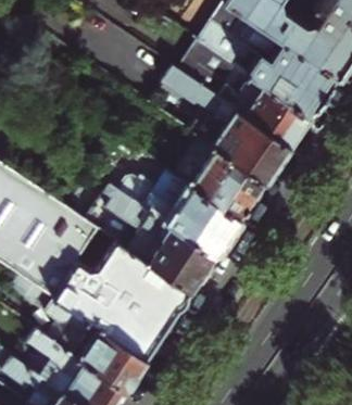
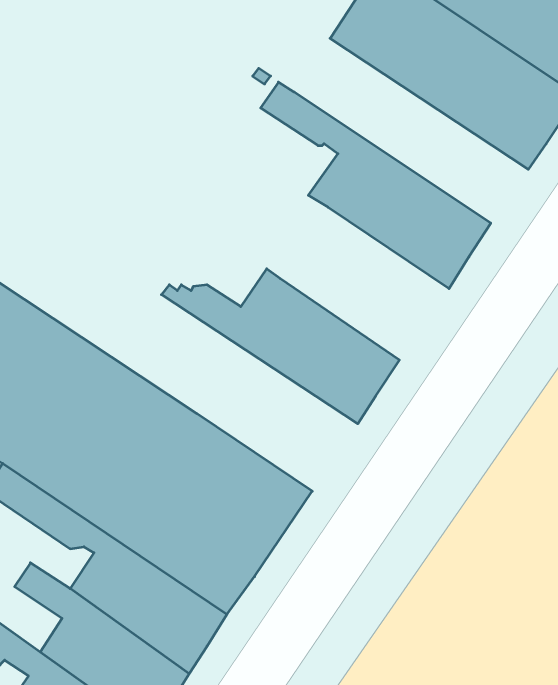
building: [185,43,313,144] -> none
building: [177,136,269,219] -> none
building: [106,183,219,291] -> none

